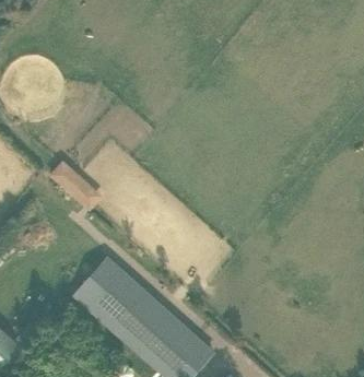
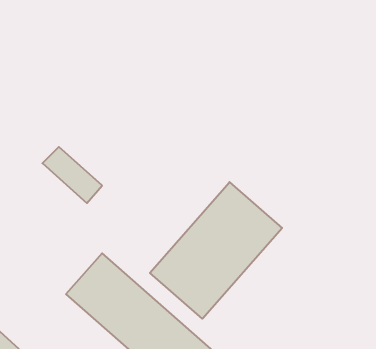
building: none -> [150,182,282,319]

